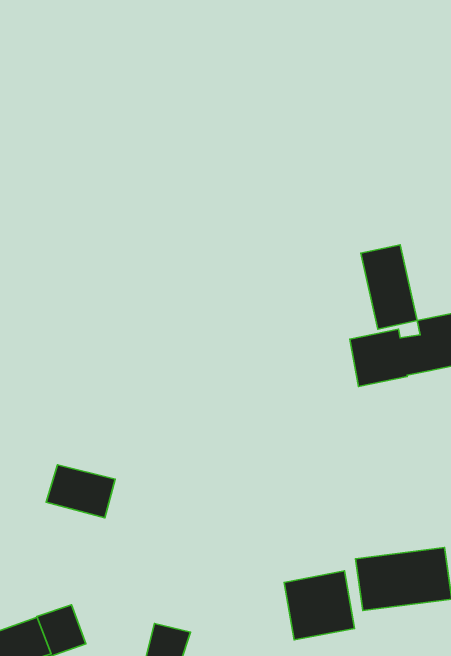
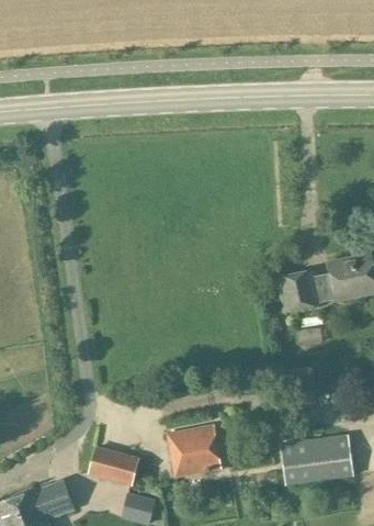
building: [361,245,417,329] -> none
building: [46,465,115,518] -> [87,447,139,488]
building: [284,571,355,640] -> [167,425,220,478]

